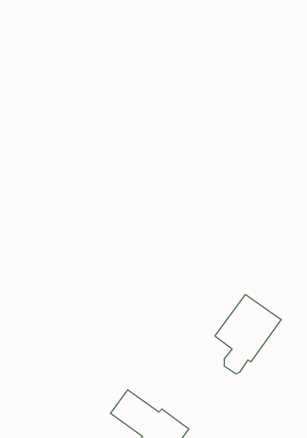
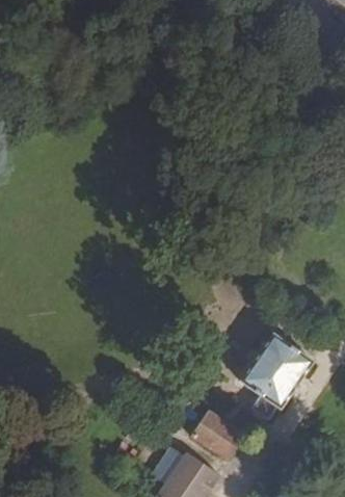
building: none -> [192,410,245,460]

